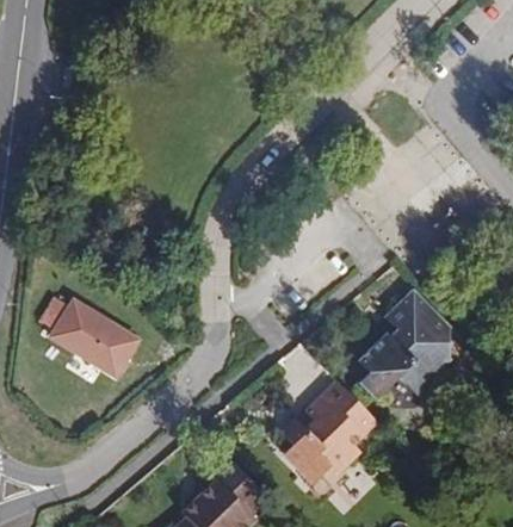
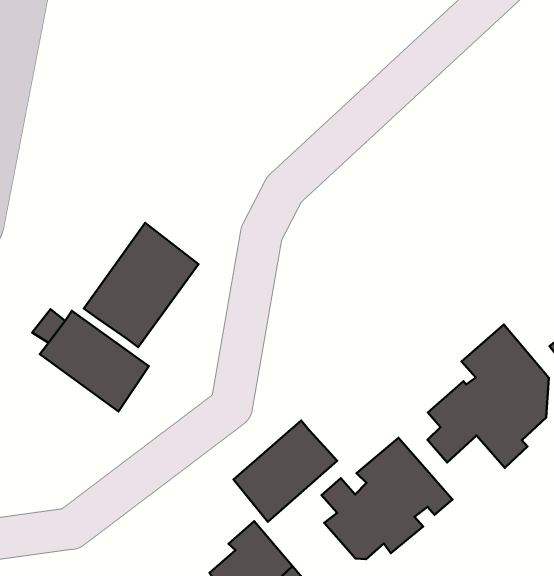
building: none -> [84,223,199,347]
building: none -> [233,421,337,522]

